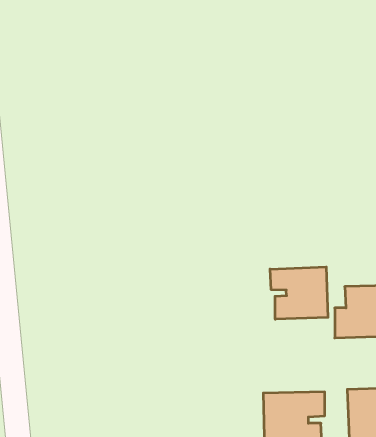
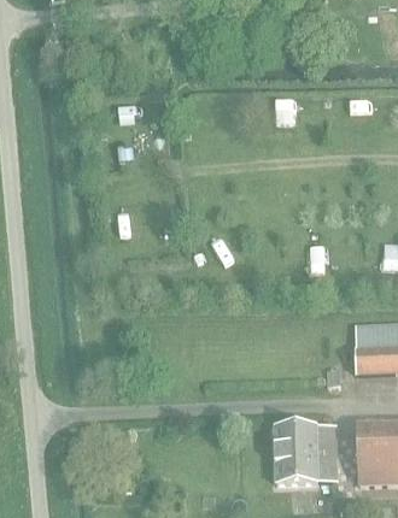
building: [270,267,328,319] -> none

